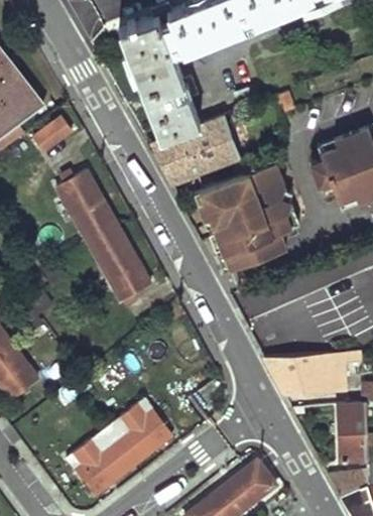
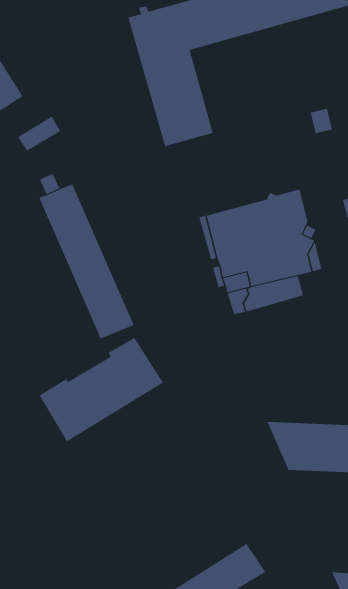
building: [153,116,242,183] -> none
building: [69,402,170,494] -> [39,337,164,442]

